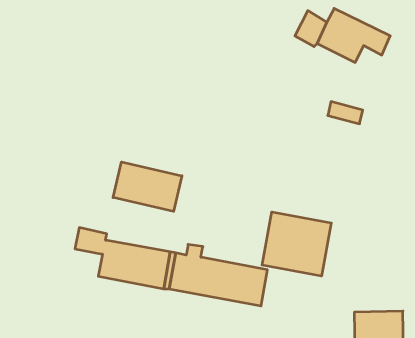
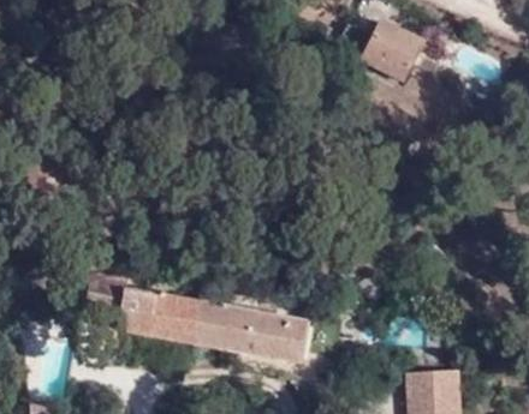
building: [113,162,182,211] -> none
building: [262,212,331,276] -> none

